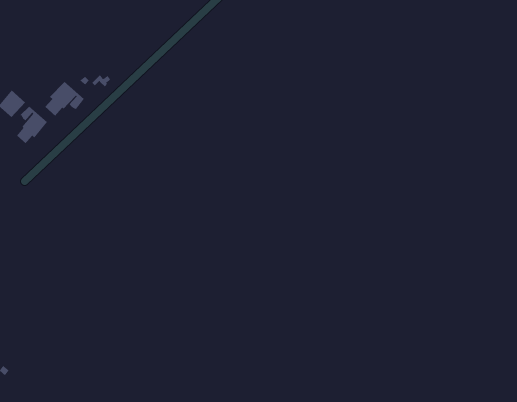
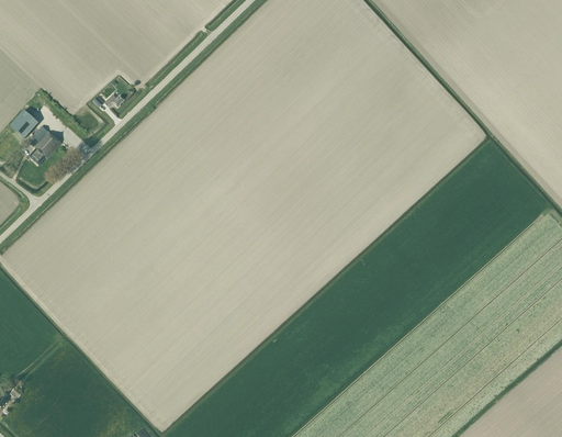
building: [44,81,84,116] -> none

